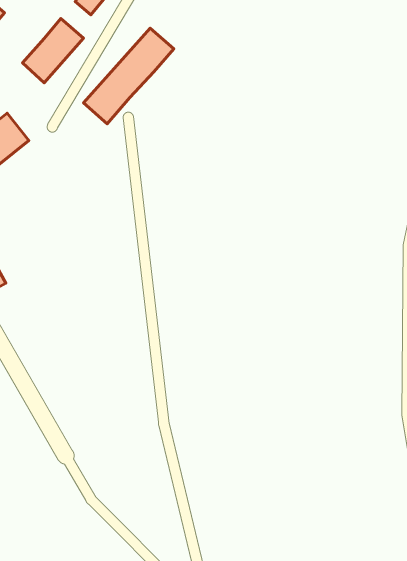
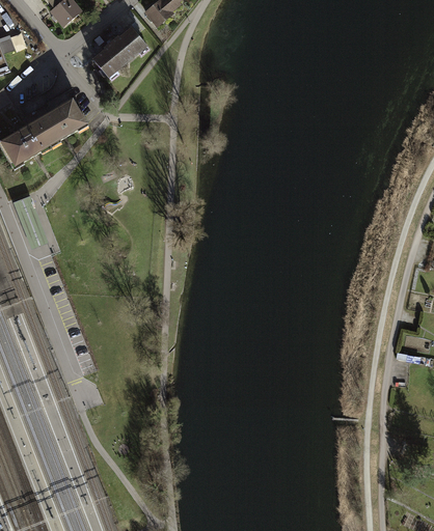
building: [83,28,174,124] -> none

